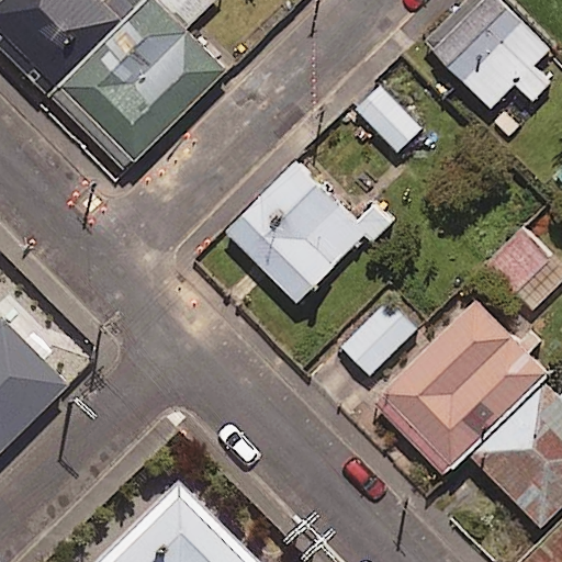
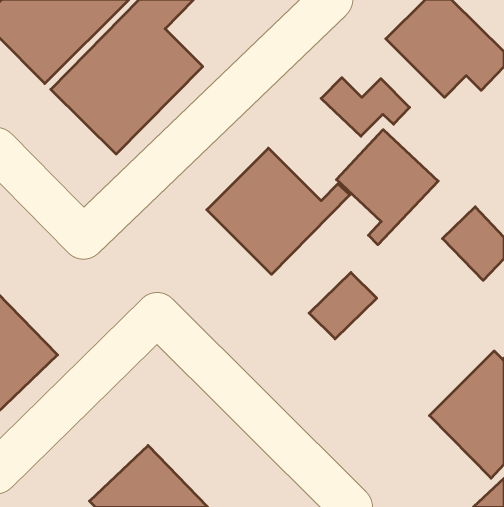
building: none -> [336,130,438,245]
building: [374,301,548,475] -> none

